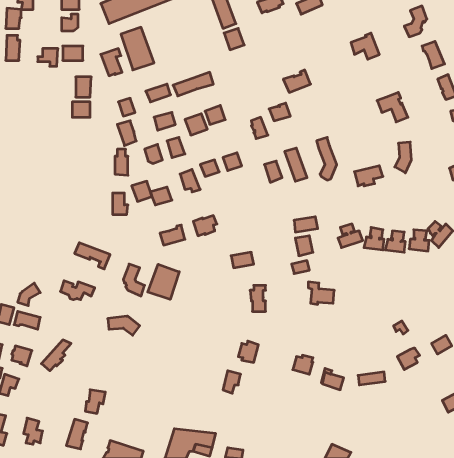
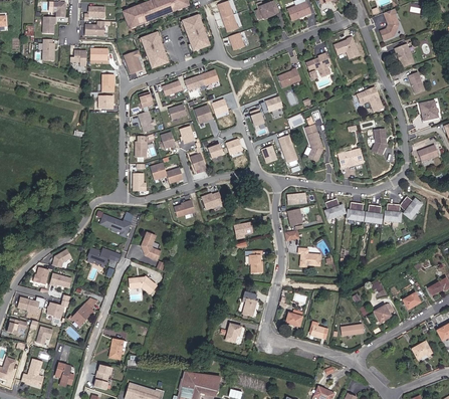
building: none -> [180,13,209,51]
building: none -> [306,52,330,78]
building: [148,264,179,299] -> none

